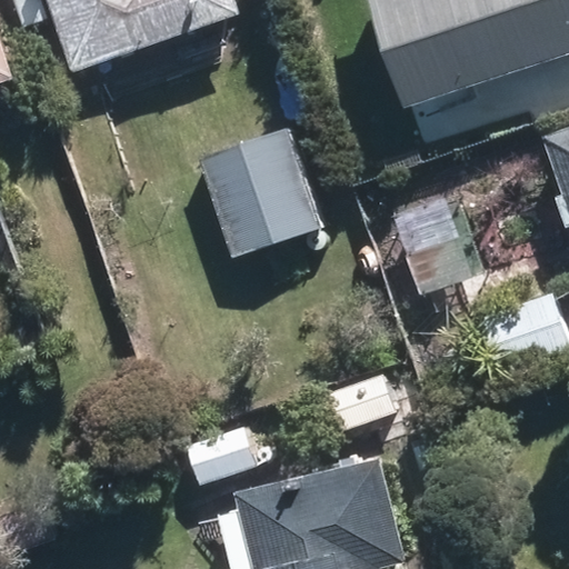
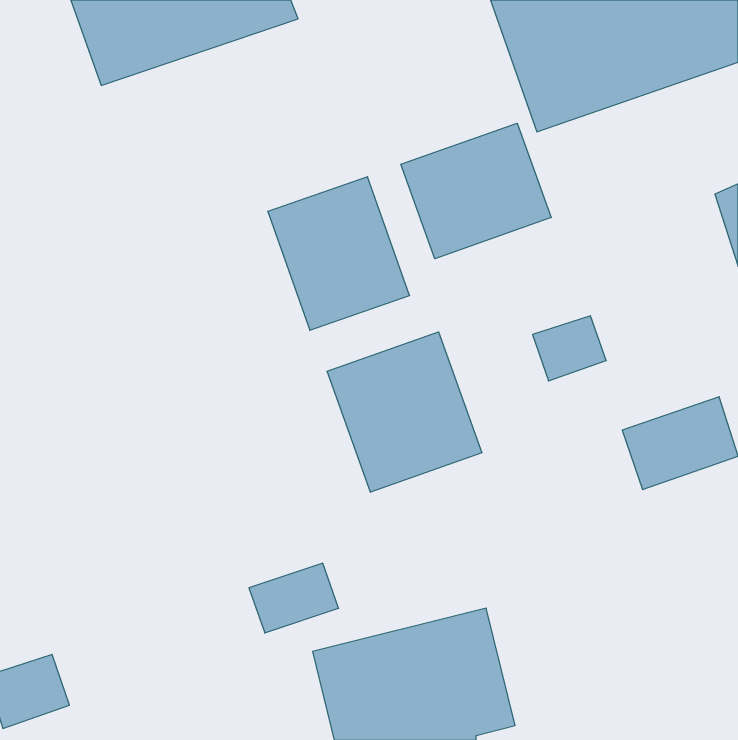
building: none -> [401,123,551,259]
building: none -> [327,332,482,492]

